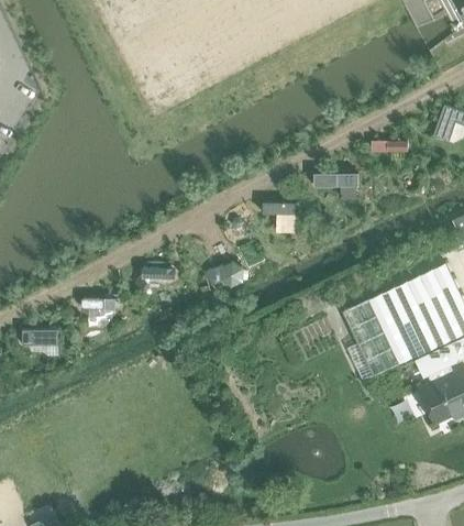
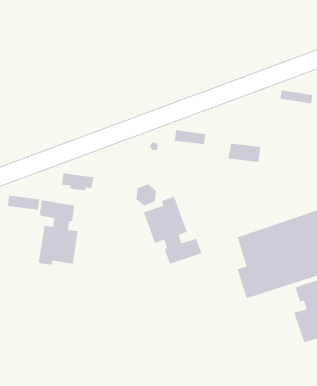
building: [317,171,353,189] -> [227,143,261,163]
building: none -> [143,195,202,265]
building: none -> [38,200,79,265]

